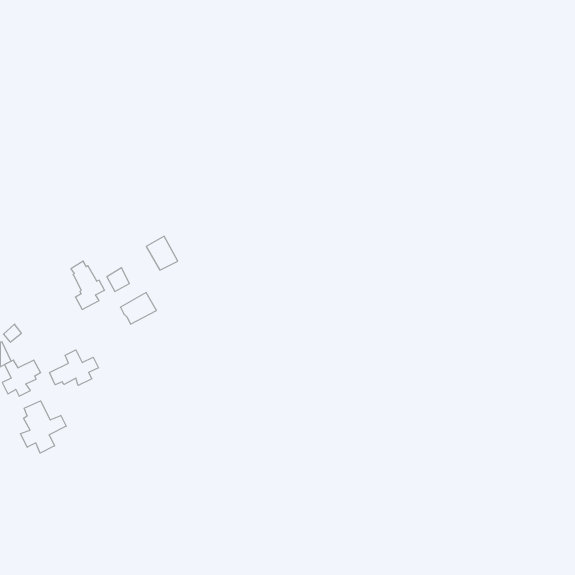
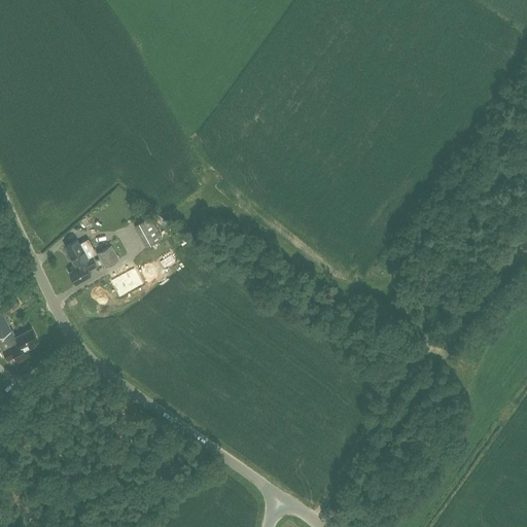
building: [50,350,98,385] -> none
building: [20,401,66,453] -> none

